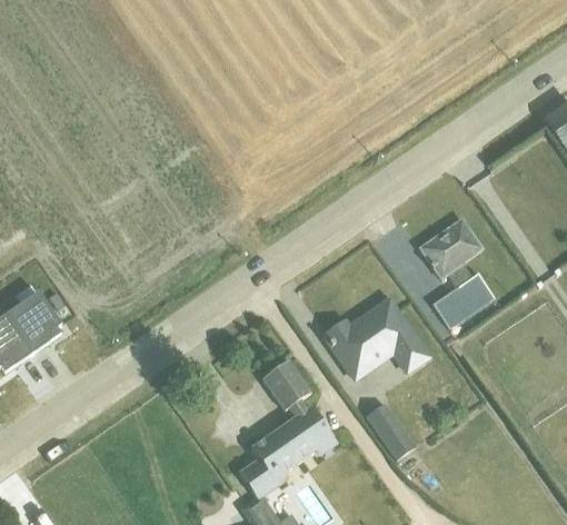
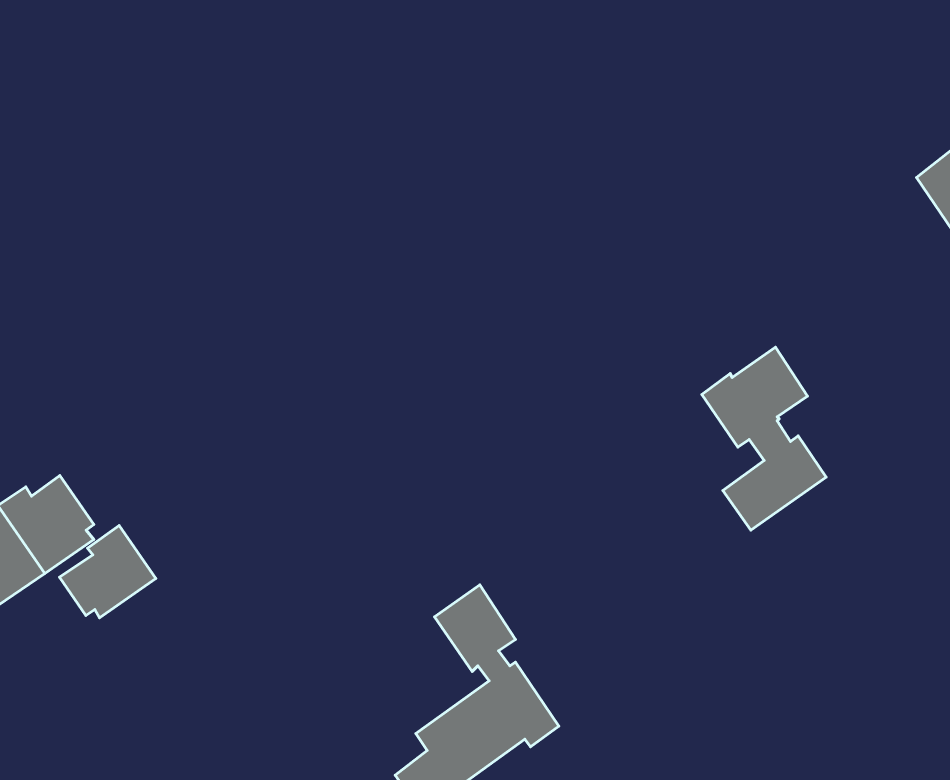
building: [324,299,429,380] -> none
building: none -> [59,525,156,618]
building: [366,403,414,459] -> none

